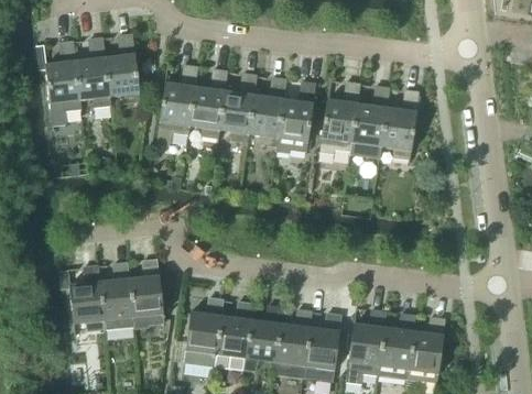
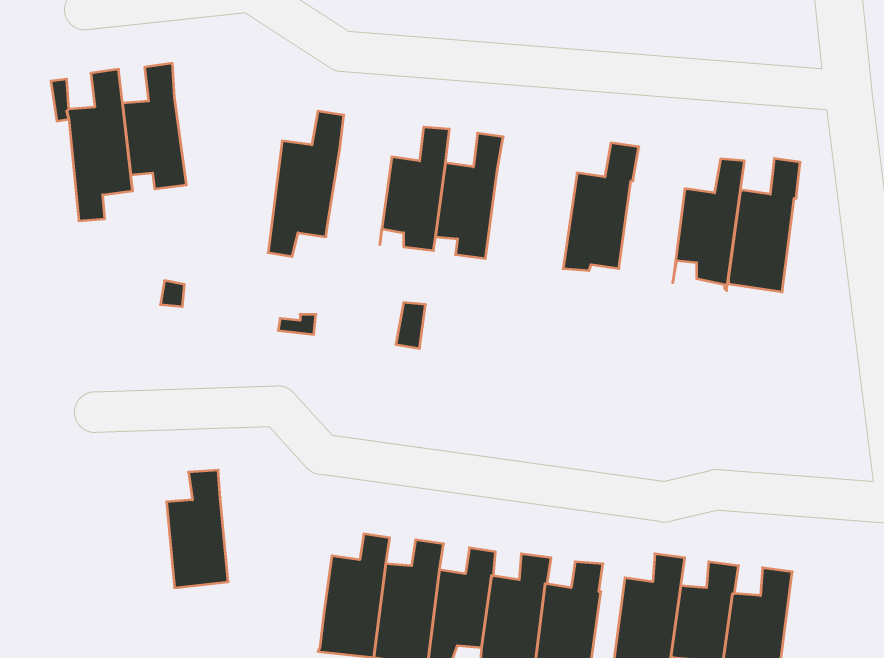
building: [105,35,141,106] -> none
building: [189,69,228,139] -> none
building: [276,81,316,154] -> none
building: [350,86,390,160] -> [728,158,800,292]
building: [130,259,165,330] -> none
building: [59,265,105,330] -> none

